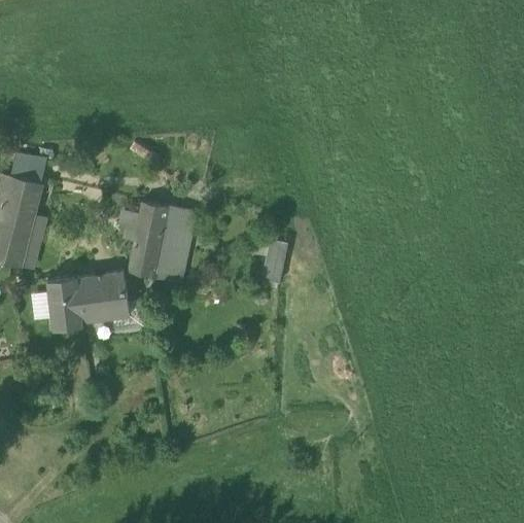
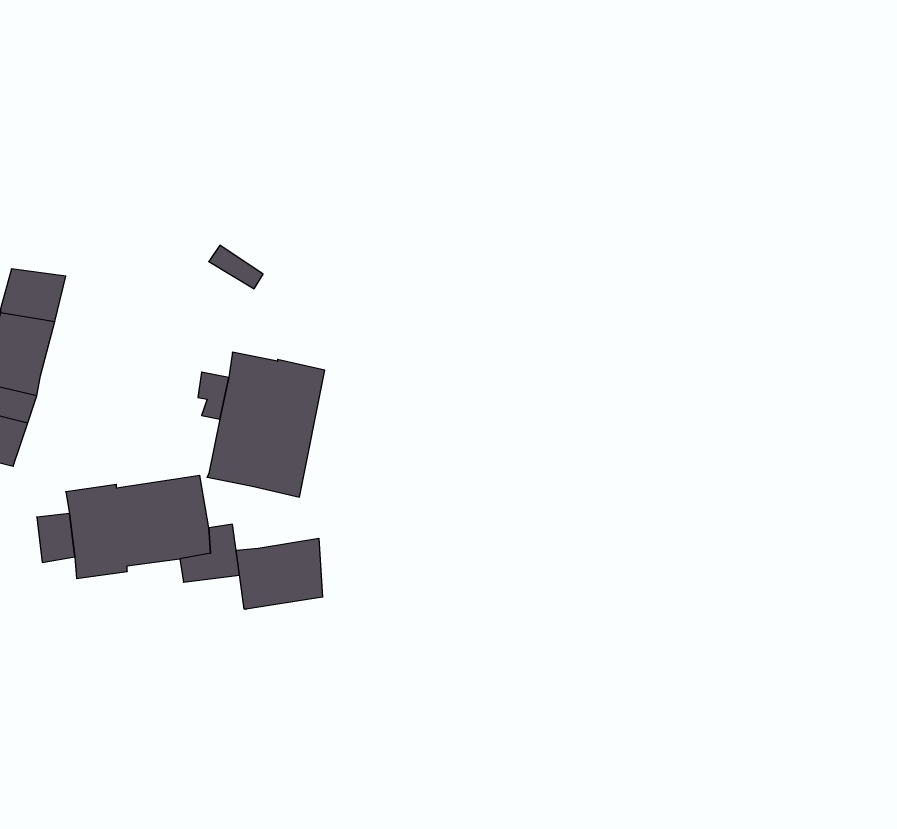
building: [18,214,47,270] -> none
building: [261,240,286,283] -> none
building: none -> [236,538,323,609]

